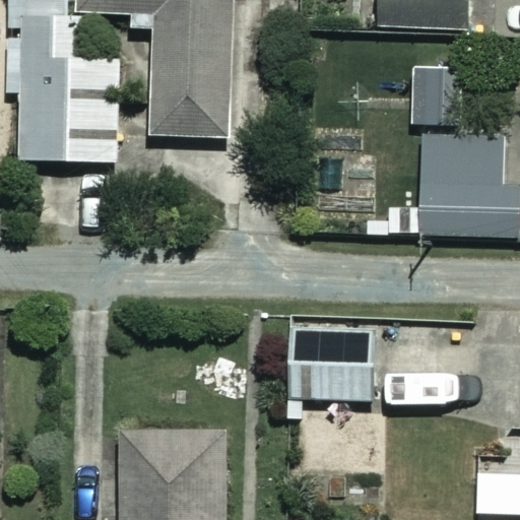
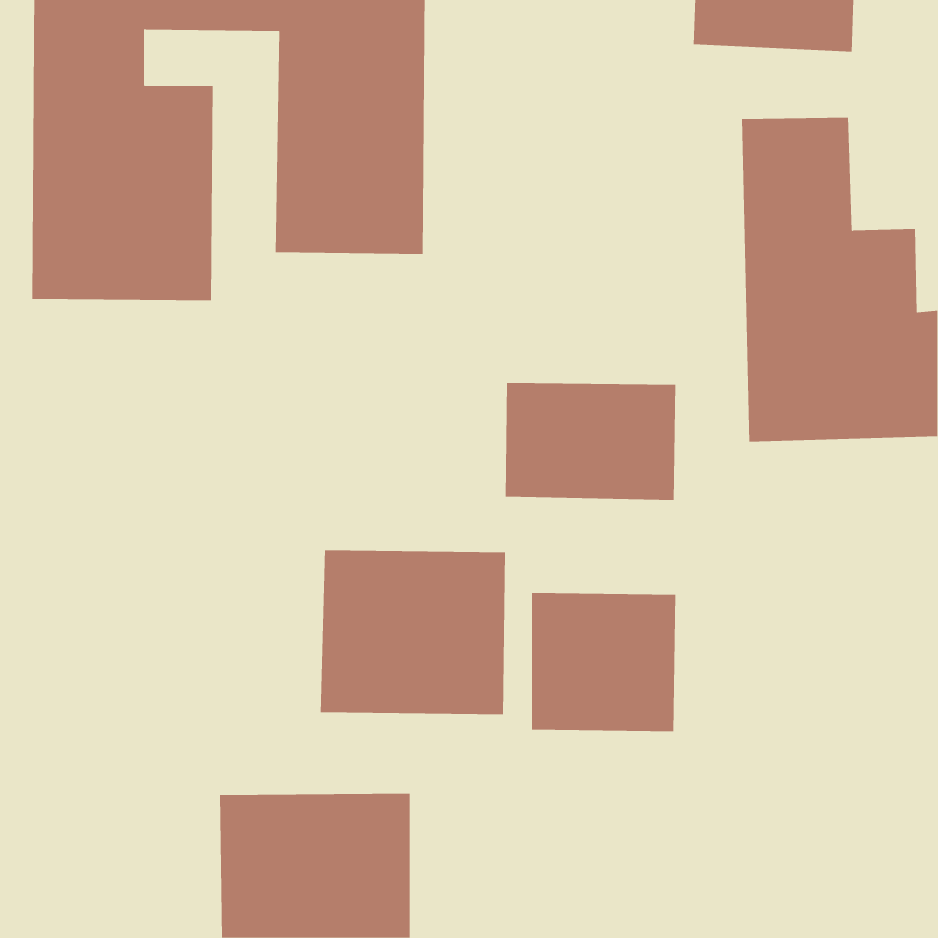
building: none -> [505,382,676,501]
building: none -> [320,549,506,715]

